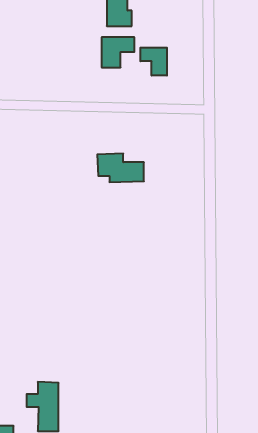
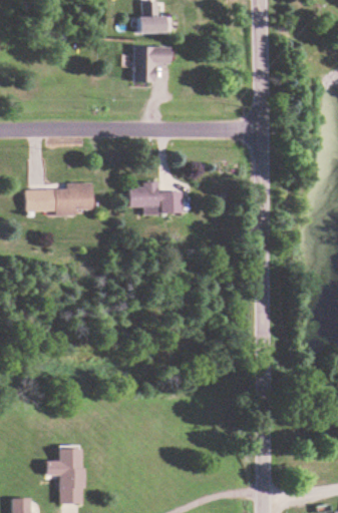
building: [140,48,167,76] -> none
building: none -> [24,182,92,214]

